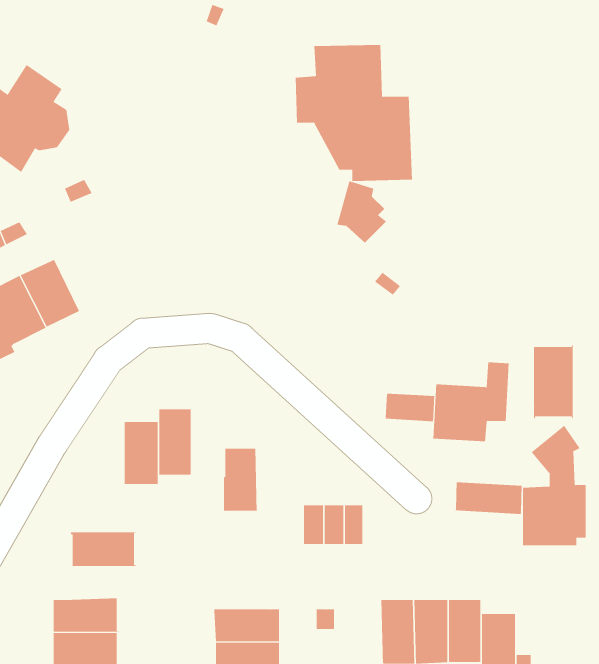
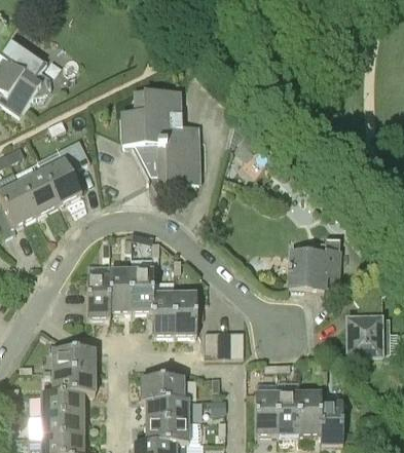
building: [295,44,413,181] -> [122,92,199,182]
building: none -> [42,138,90,203]
building: [534,344,573,419] -> none
building: [384,393,435,422] -> none
building: none -> [132,267,153,311]
building: none -> [174,292,196,335]
building: [454,482,522,515] -> none
building: none -> [53,370,96,391]
building: none -> [141,376,184,399]

